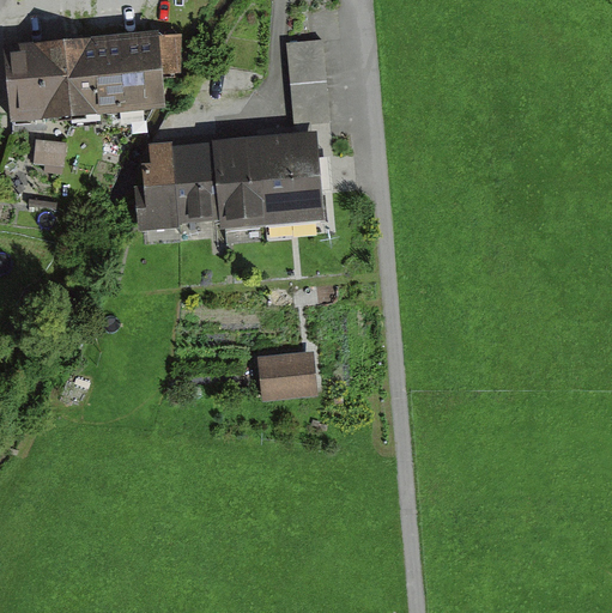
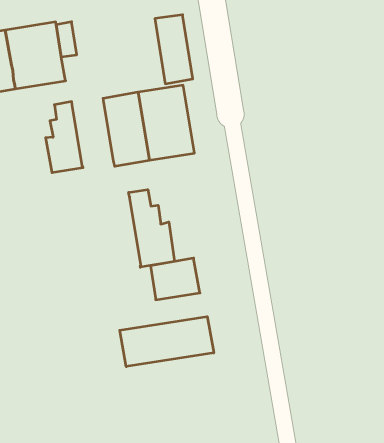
building: [171,139,219,221] -> none
building: none -> [129,190,175,267]
building: none -> [120,317,214,367]

